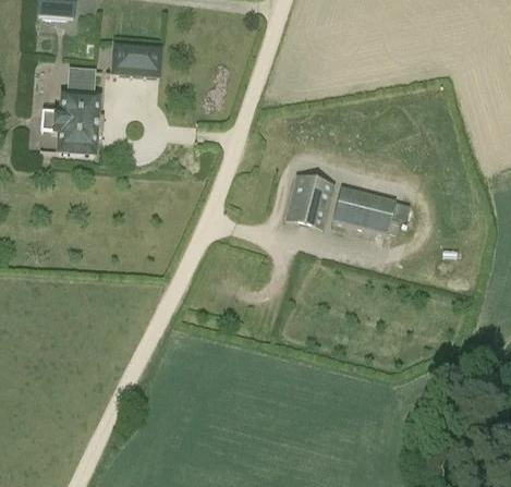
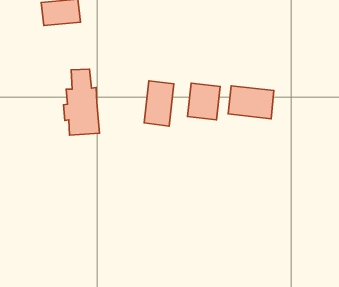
building: [53,66,100,154] -> [63,69,99,135]
building: none -> [144,81,174,126]

